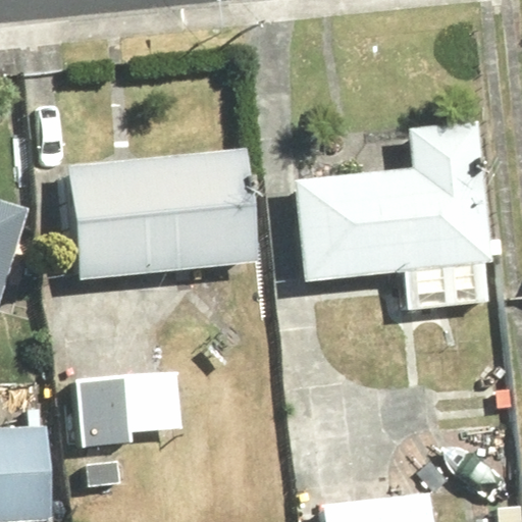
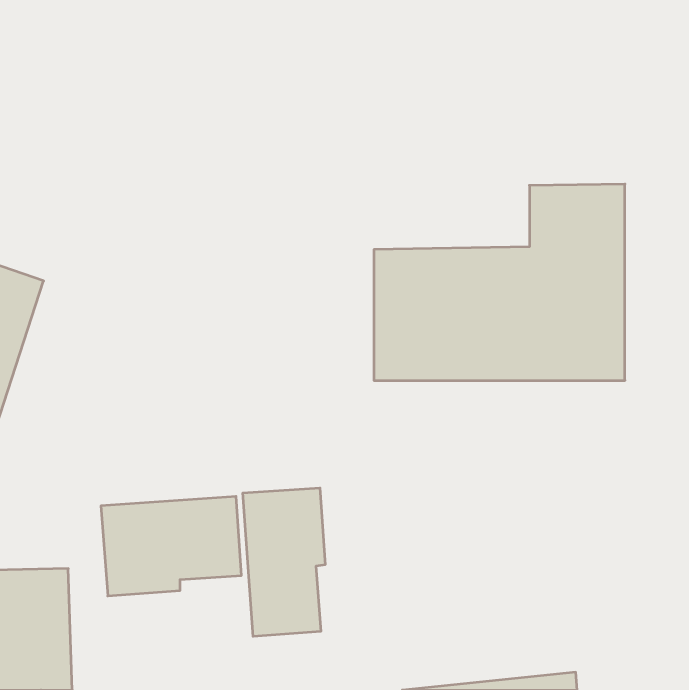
building: [73,150,260,274] -> none
building: none -> [243,488,325,636]

